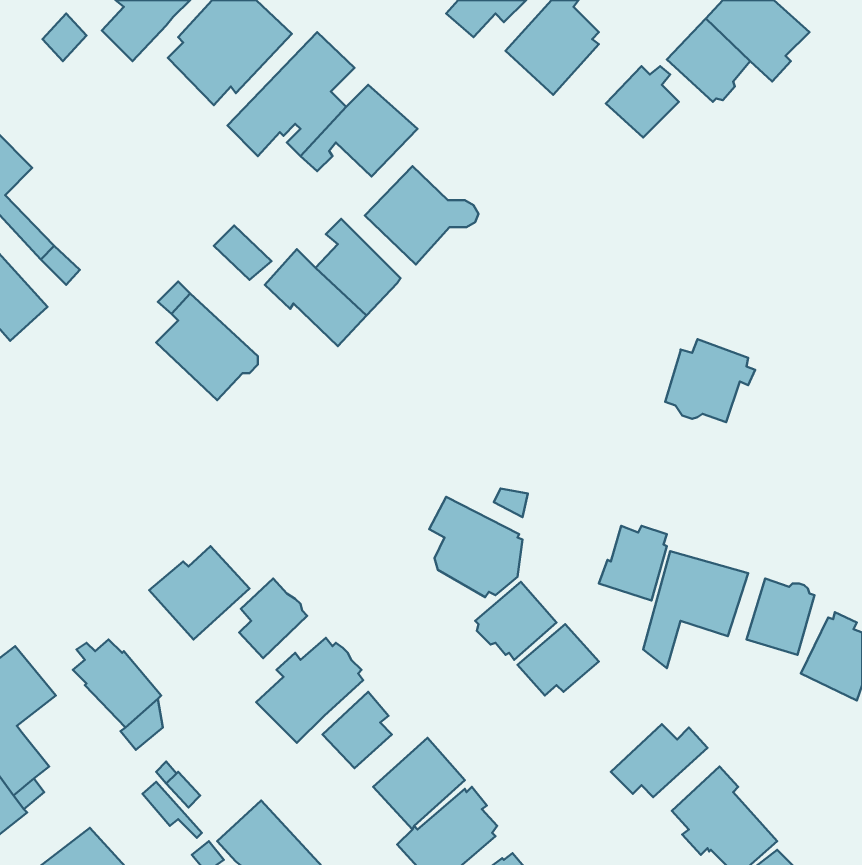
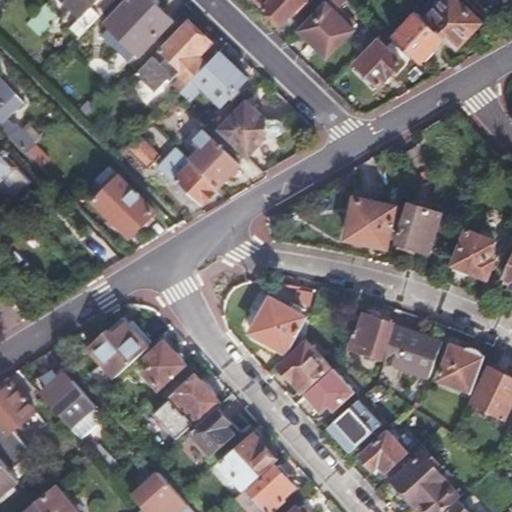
building: none -> [346,192,401,247]
building: none -> [453,230,495,277]
building: none -> [328,400,378,450]

